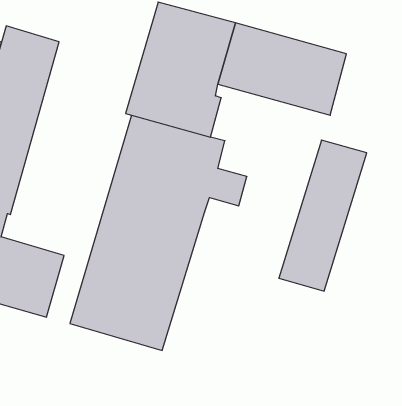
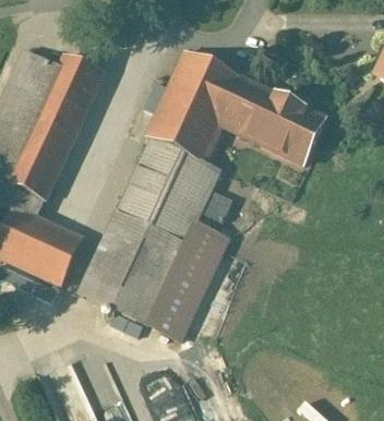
building: [279,140,367,291] -> [148,221,231,339]

